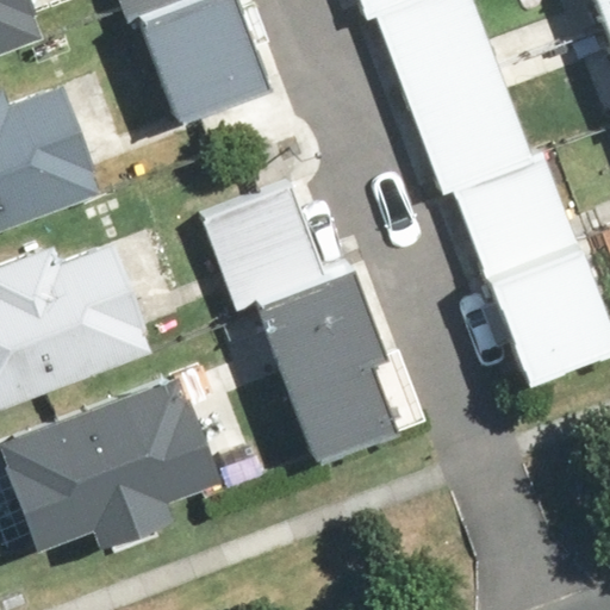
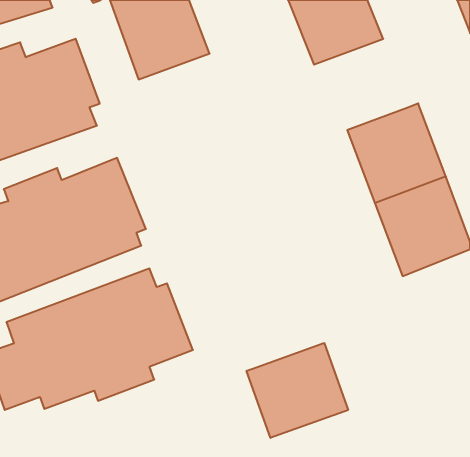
building: [405,69,528,191] -> none
building: [203,185,400,459] -> none
building: none -> [247,343,348,438]

